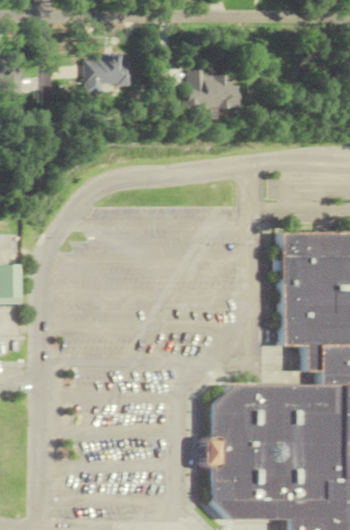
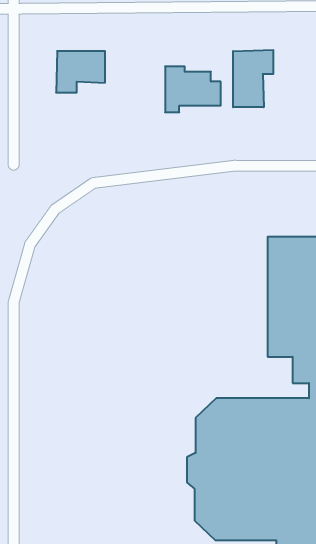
building: none -> [233,50,273,107]

